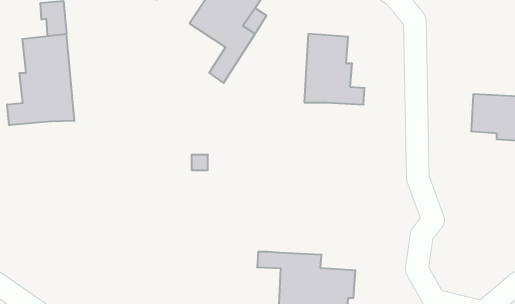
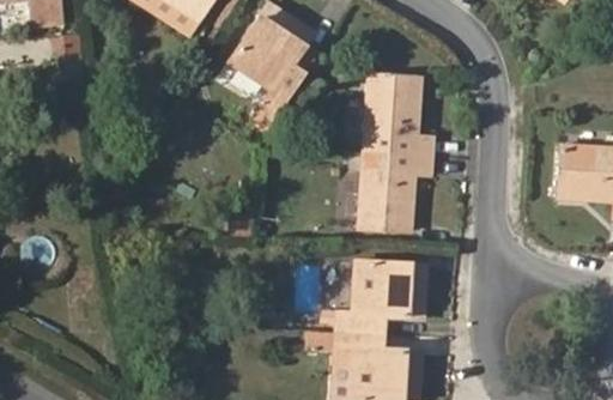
building: [7,34,74,125] -> none
building: none -> [358,156,432,232]
building: none -> [334,261,425,334]

